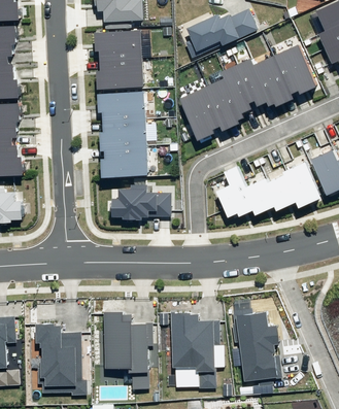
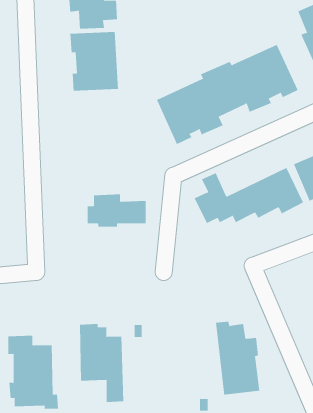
building: [185,10,257,58] -> none
building: [98,91,147,177] -> none
building: [172,314,214,388] -> none

